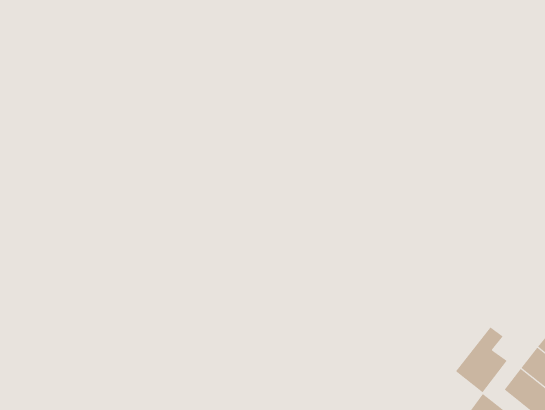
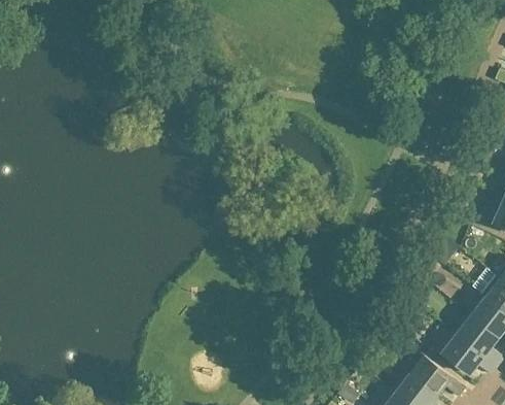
building: [455,327,507,393] -> none

